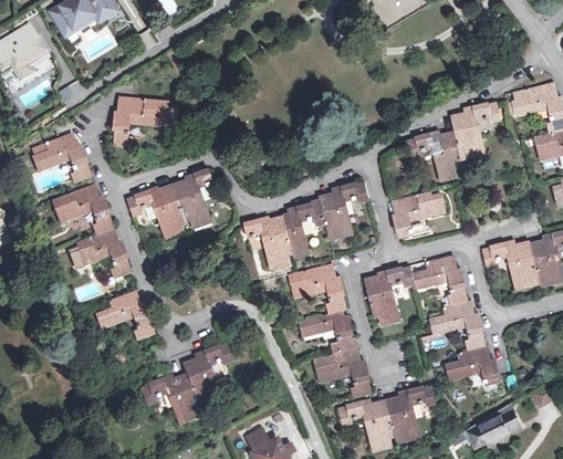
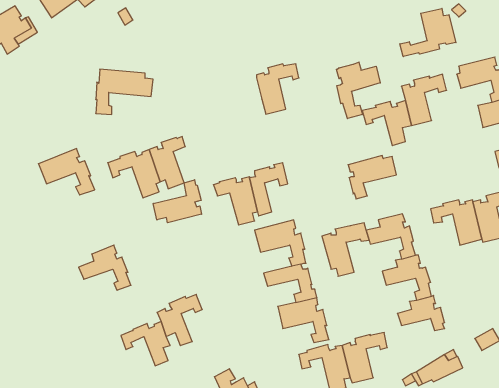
building: none -> [400,8,456,57]
building: none -> [336,62,380,119]
building: [32,133,90,182] -> none
building: [320,184,366,239] -> [257,64,299,114]
building: none -> [153,180,202,223]
building: [69,229,129,279] -> none

